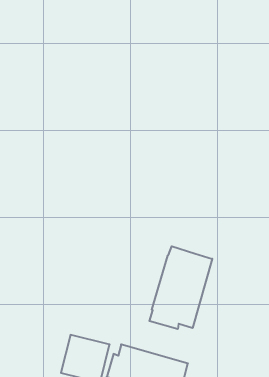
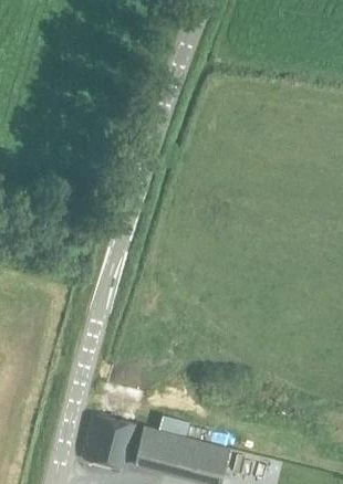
building: [149,246,212,329] -> none

